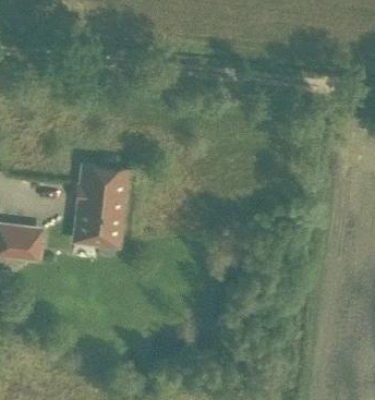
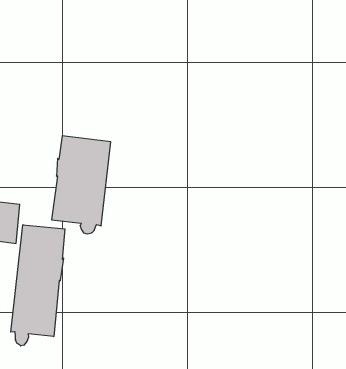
building: none -> [11,225,65,346]

